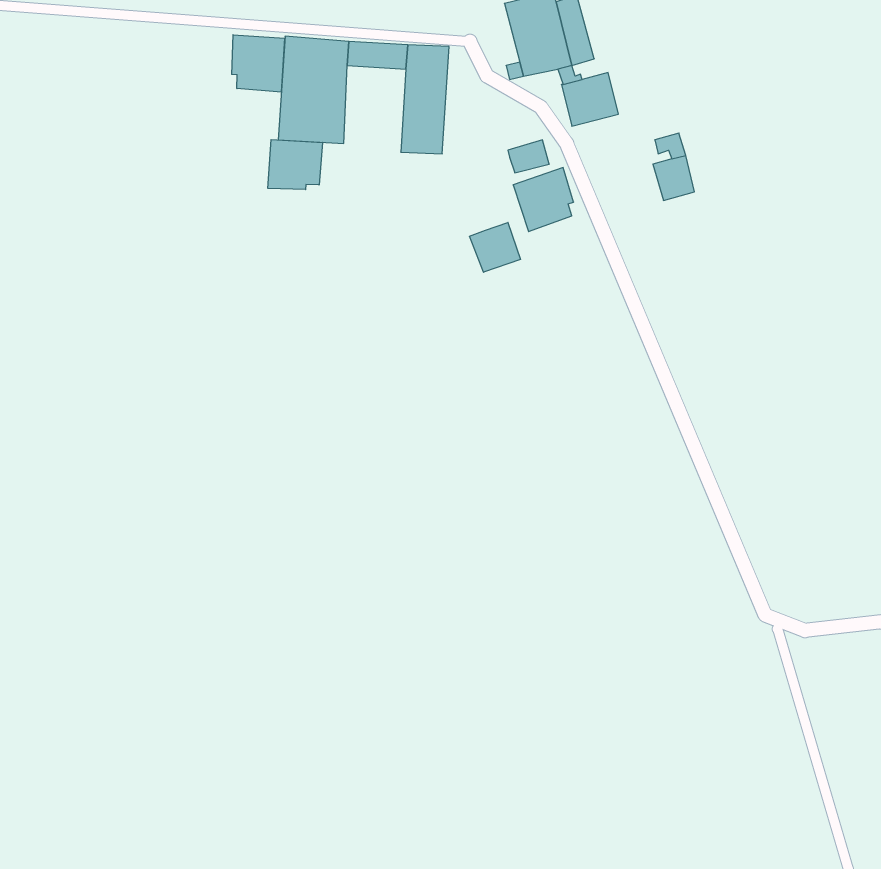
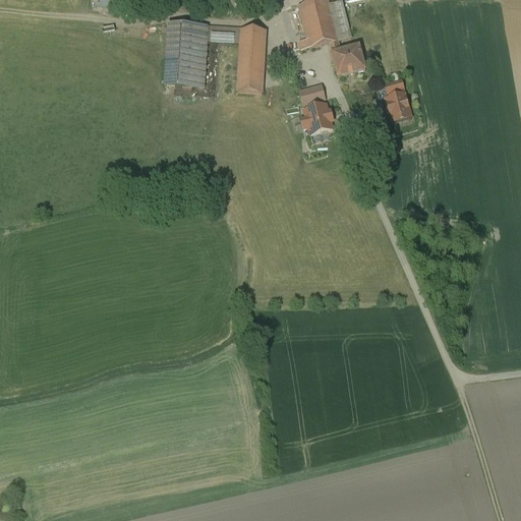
building: [232,35,284,92] -> none
building: [268,140,323,190] -> none
building: [469,222,520,272] -> none

